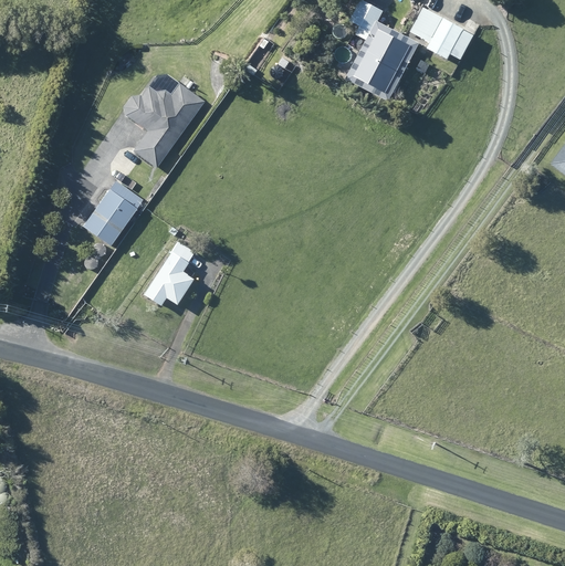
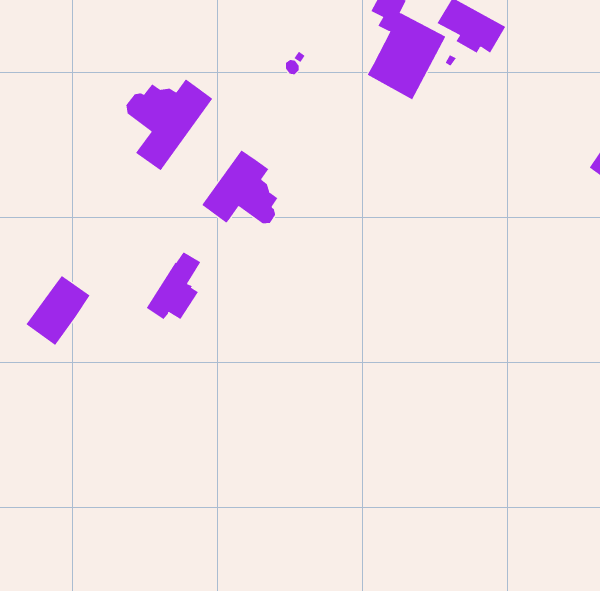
building: none -> [202,149,278,224]
building: [83,180,143,245] -> [26,275,90,346]

